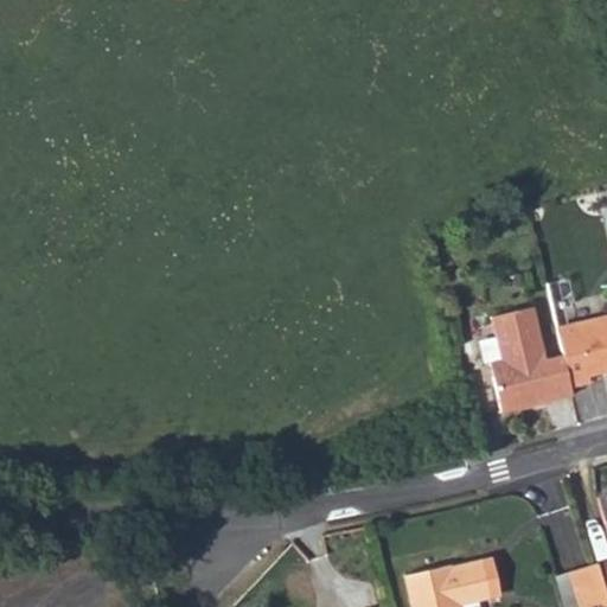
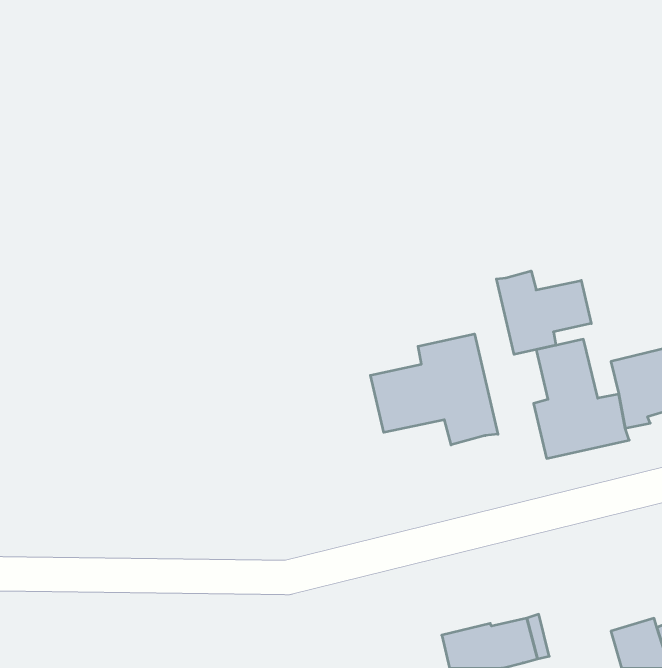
building: none -> [496,271,591,354]
building: none -> [370,334,498,445]

